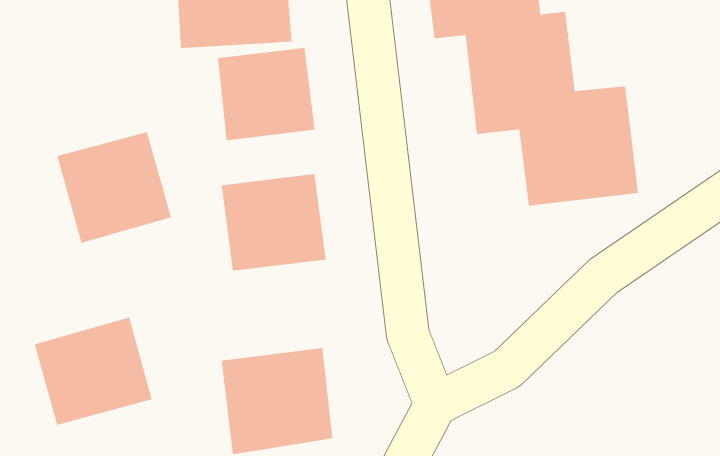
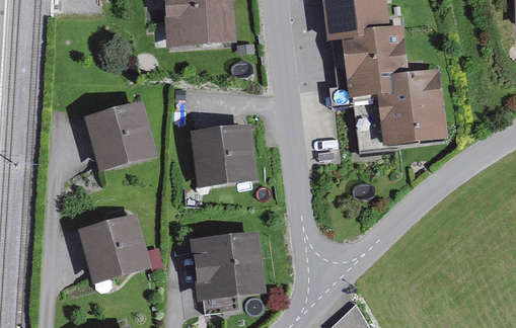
building: [217,47,315,141] -> none

